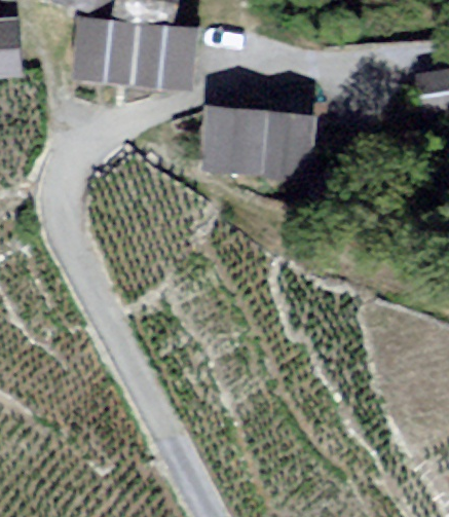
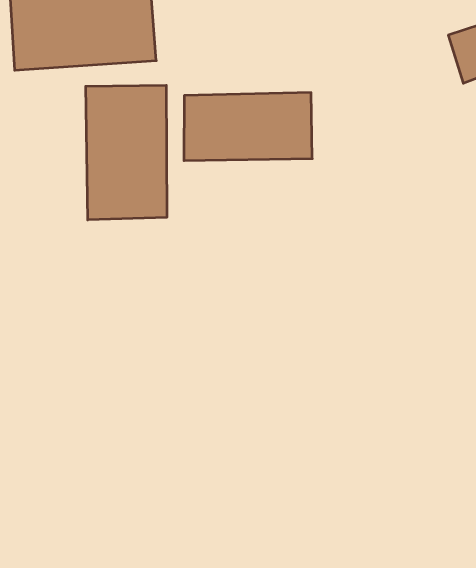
building: none -> [86,85,167,220]

